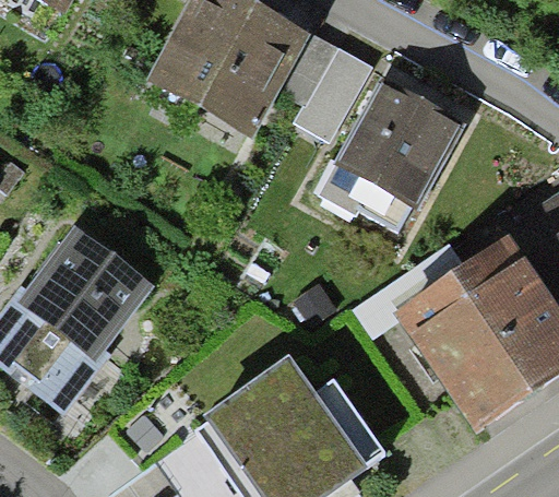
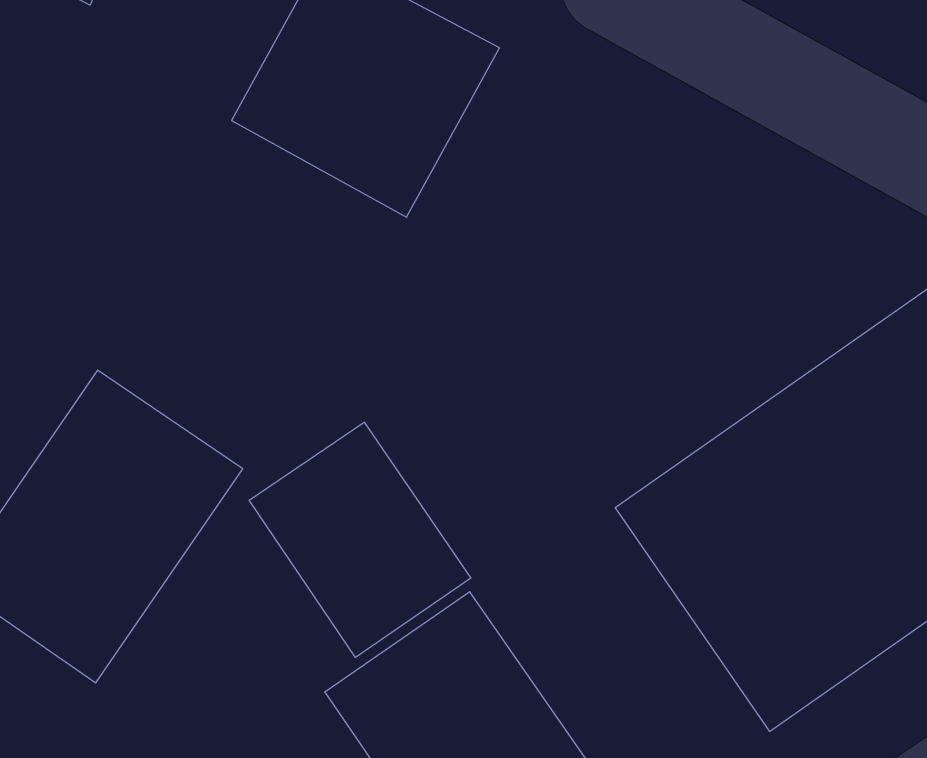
building: [305,57,462,227] -> none
building: none -> [249,422,471,657]

